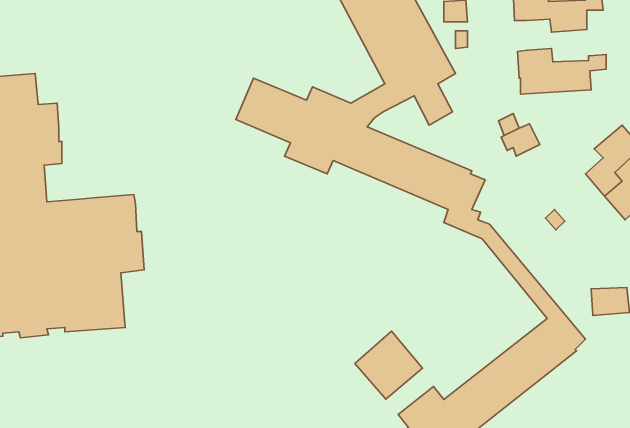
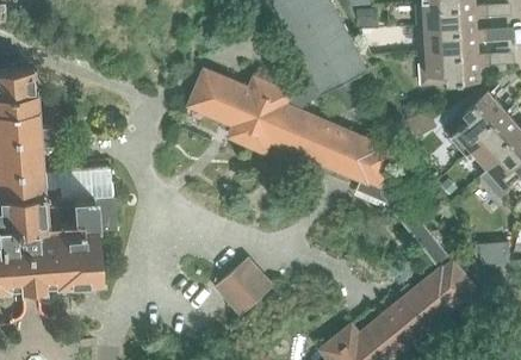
building: none -> [426,25,489,60]
building: none -> [451,92,503,155]
building: [355,331,423,399] -> [215,261,269,316]

